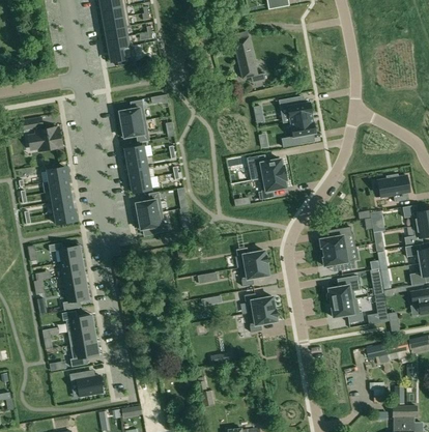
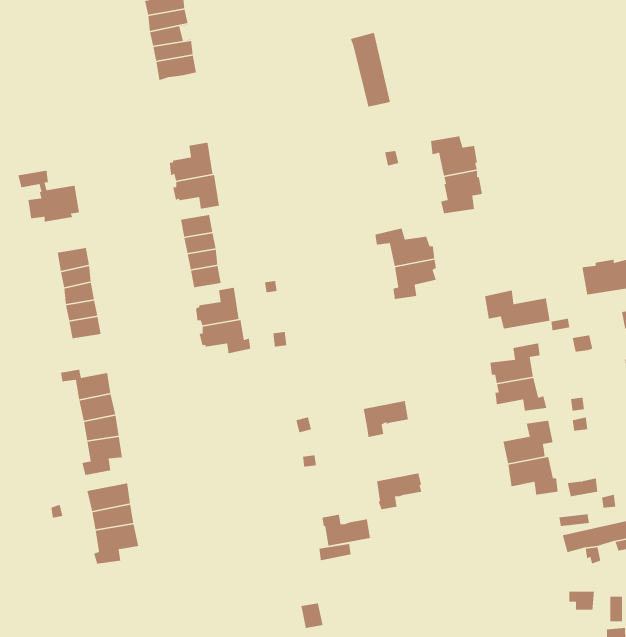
building: none -> [484,290,550,330]
building: [236,248,267,268] -> none
building: [245,293,276,314] -> [321,514,371,547]
building: [70,372,104,397] -> none

